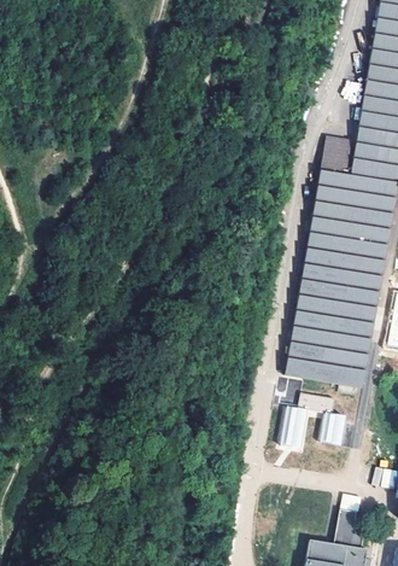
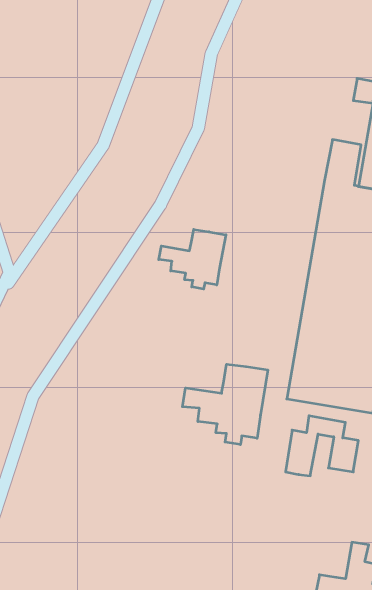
building: none -> [159,229,226,289]
building: none -> [182,364,268,445]

